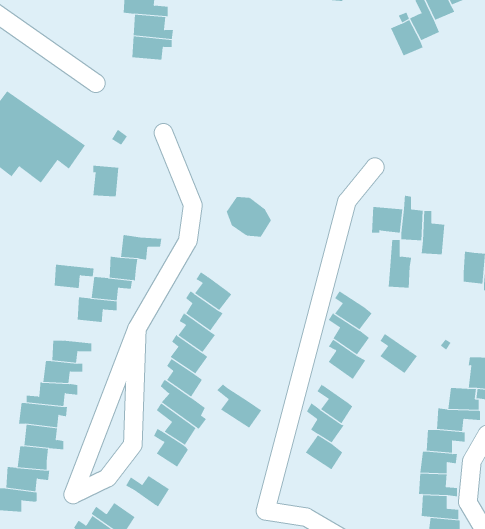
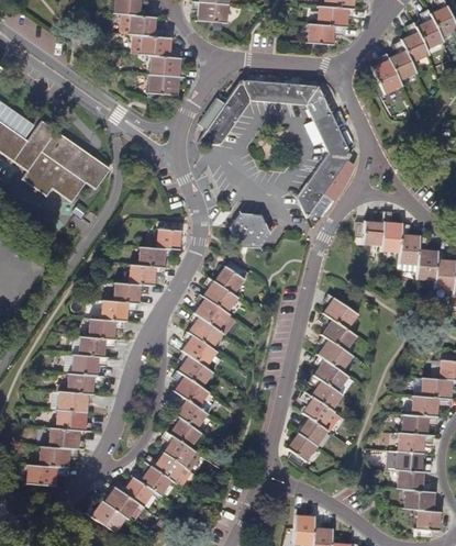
building: none -> [198,80,354,219]
building: [92,165,119,197] -> [157,222,180,249]
building: [388,240,412,288] -> [416,237,437,279]
building: none -> [215,261,246,294]
building: [54,264,95,288] -> [90,319,125,339]
building: [379,333,418,374] -> [314,356,347,391]
building: [216,384,262,428] -> [160,432,200,470]
building: none -> [288,434,315,467]
building: none -> [132,467,170,495]

